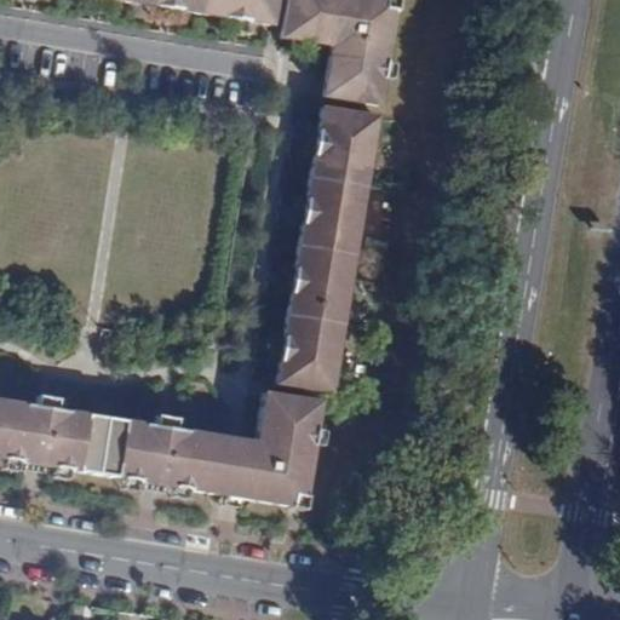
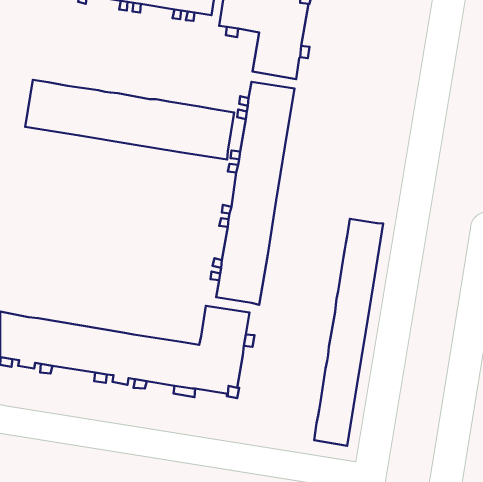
building: none -> [25,80,234,160]
building: none -> [314,219,383,446]

